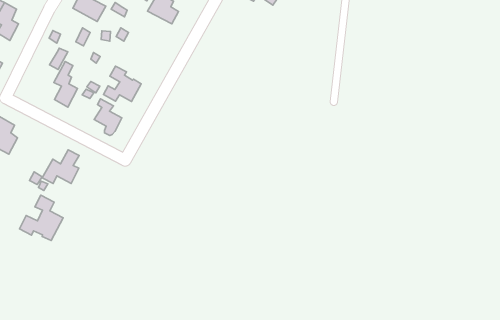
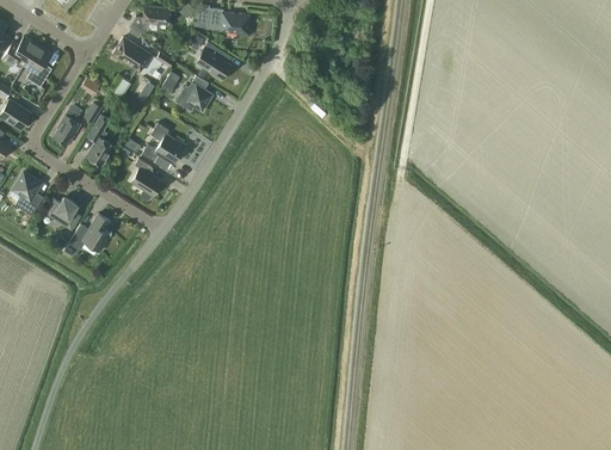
building: none -> [185,74,214,111]
building: none -> [54,106,81,143]
building: none -> [44,196,78,228]
building: [20,195,63,241] -> none

